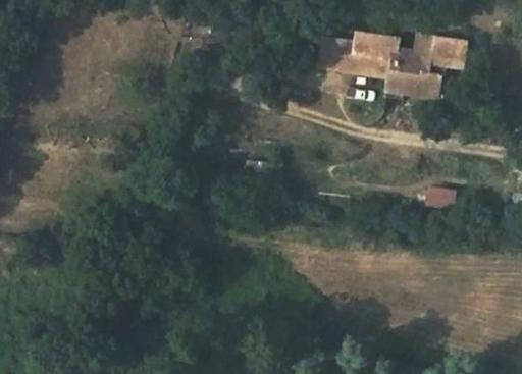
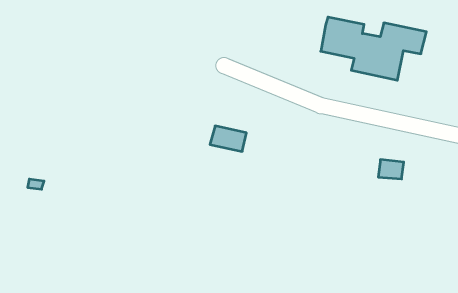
building: [319,39,356,71] -> none

